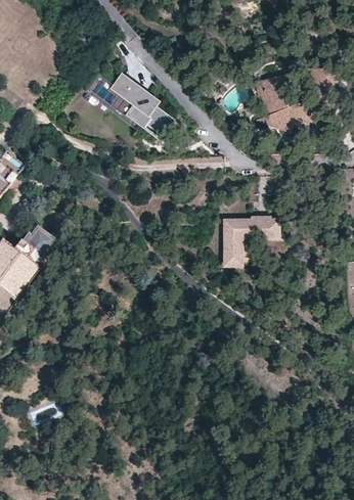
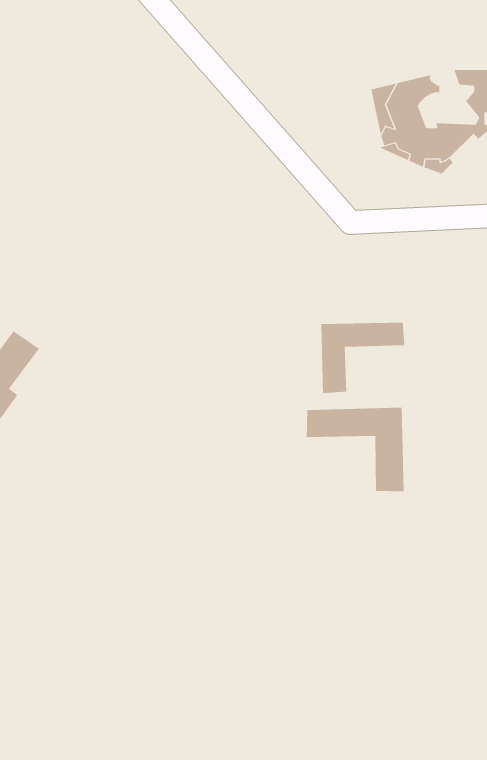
building: [110,74,172,135] -> none
building: none -> [306,407,404,492]

